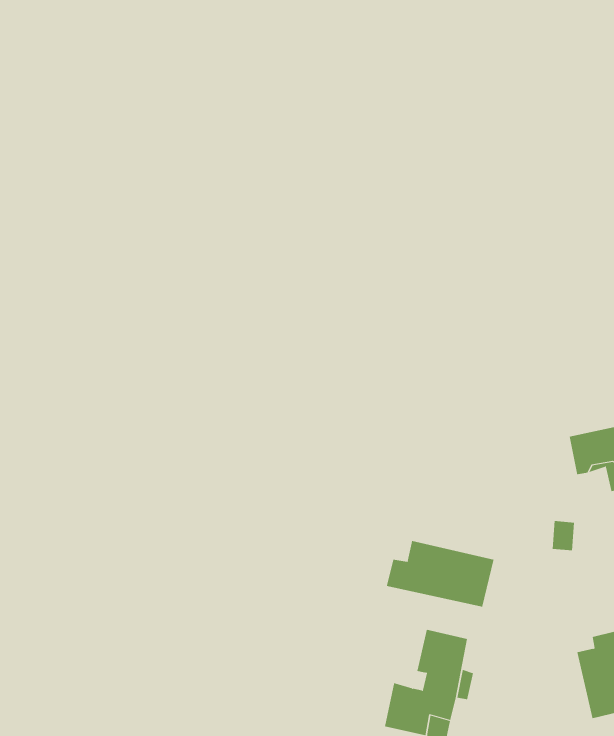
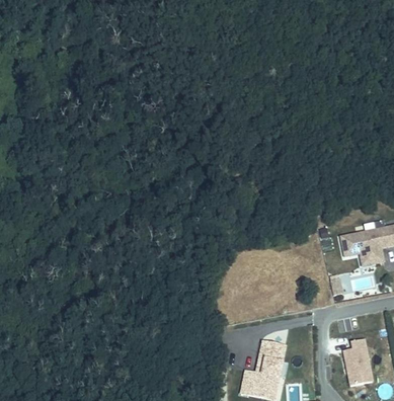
building: [386,540,494,608] -> none

